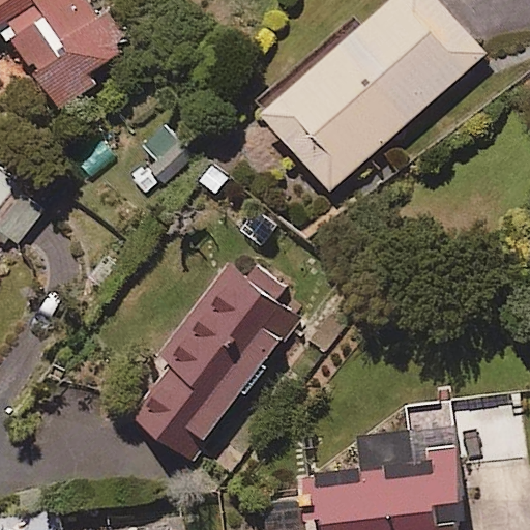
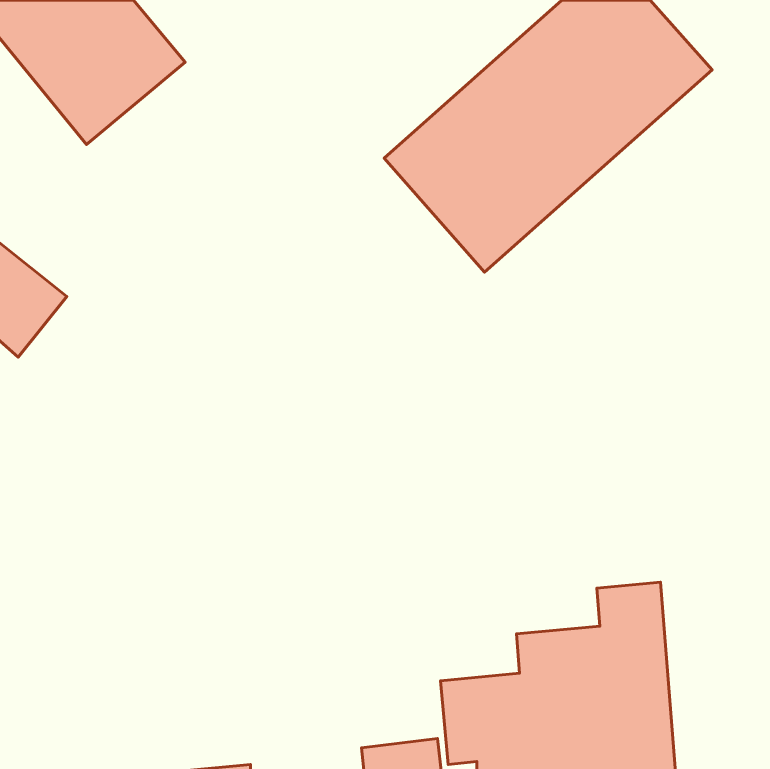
building: [125,264,282,460] -> none

